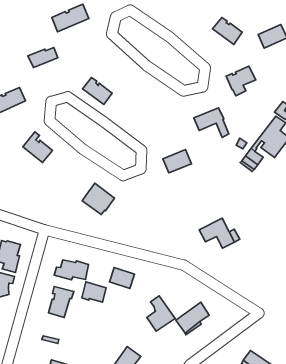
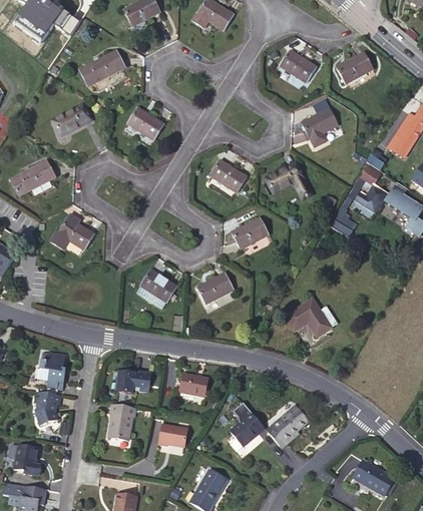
building: [82,78,112,105] -> [126,107,163,139]
building: none -> [209,159,247,192]
building: none -> [196,273,233,304]
building: [82,282,106,302] -> [158,423,187,446]

